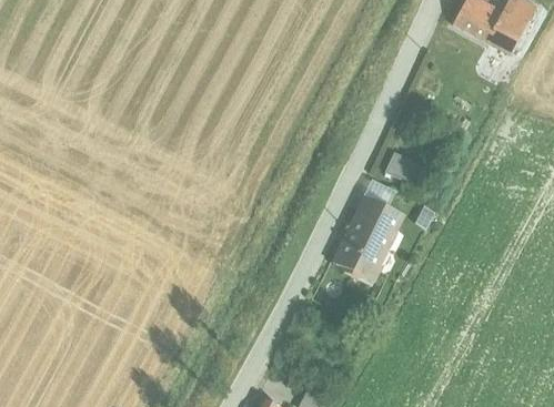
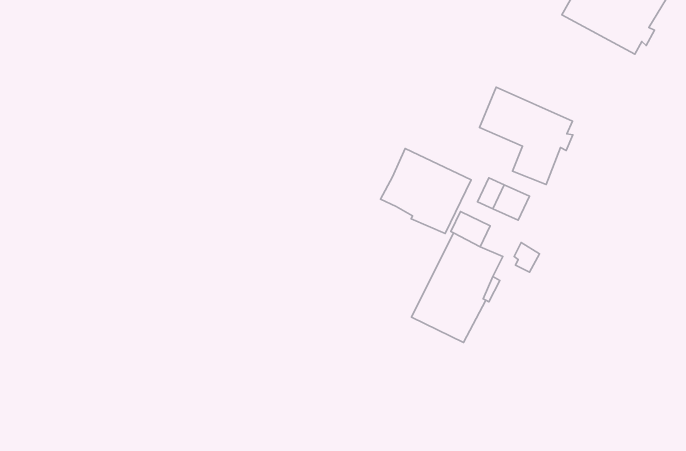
building: none -> [479,87,573,185]
building: none -> [381,149,471,234]

